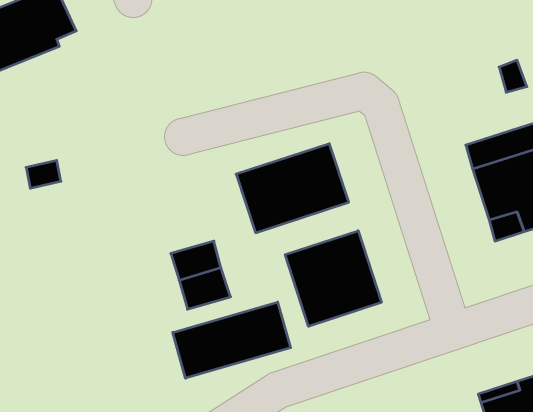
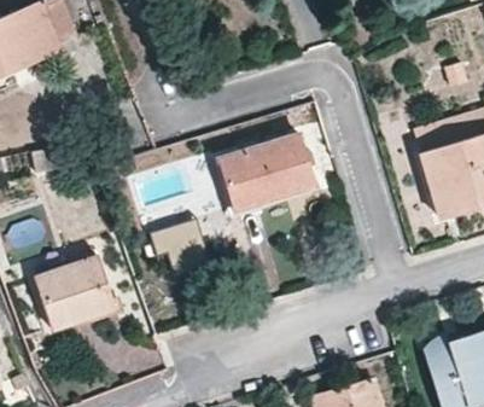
building: [285,231,381,326] -> none
building: none -> [34,249,115,328]
building: [173,302,291,378] -> none

